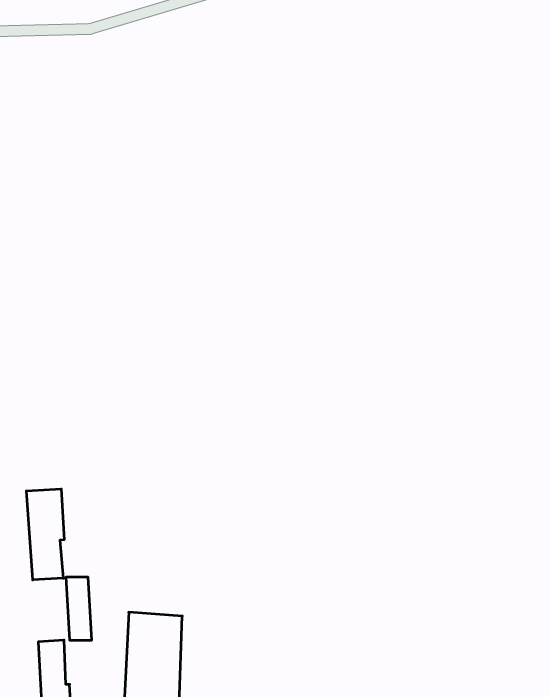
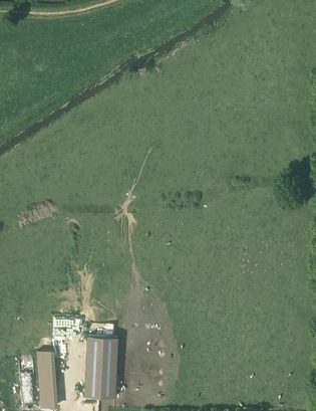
building: [26,489,64,580] -> none

